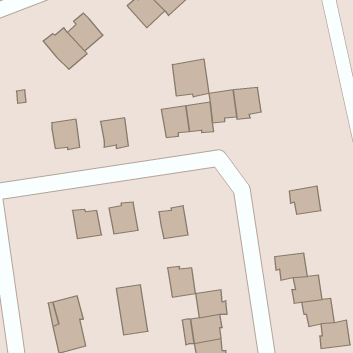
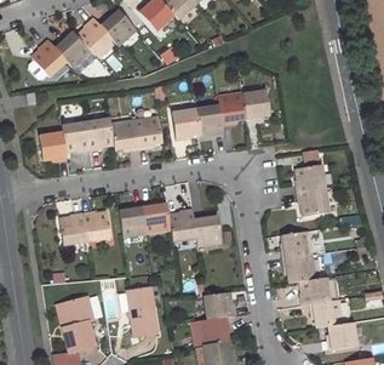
building: none -> [99,8,137,44]
building: none -> [31,38,67,76]
building: [172,59,209,97] -> none
building: none -> [134,116,162,148]
building: none -> [86,118,114,149]
building: none -> [39,131,67,160]
building: none -> [296,149,326,193]
building: none -> [143,201,171,232]
building: none -> [59,212,87,244]
building: none -> [281,230,313,258]
building: [167,267,195,297] -> [194,213,222,244]

